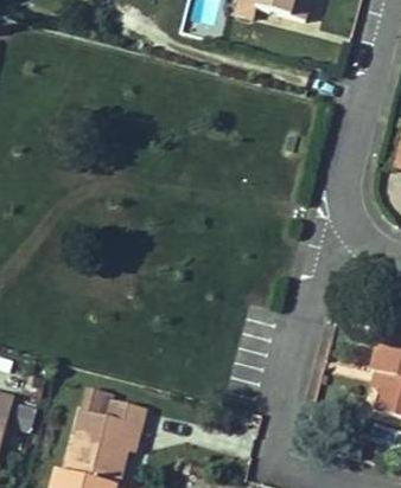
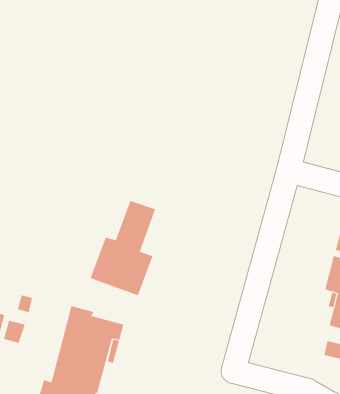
building: none -> [90,200,156,296]

